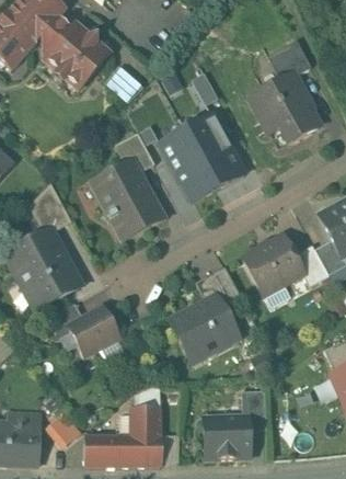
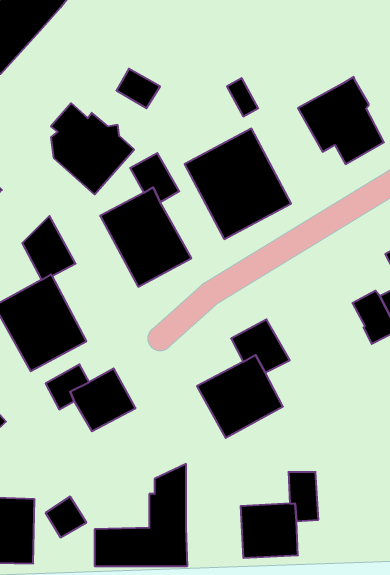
building: [43,15,109,89] -> [51,103,134,194]
building: [273,38,311,77] -> none
building: [242,235,303,295] -> none

